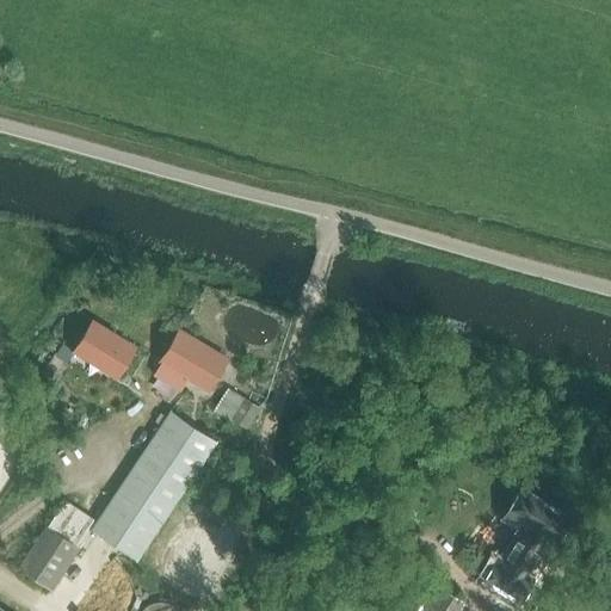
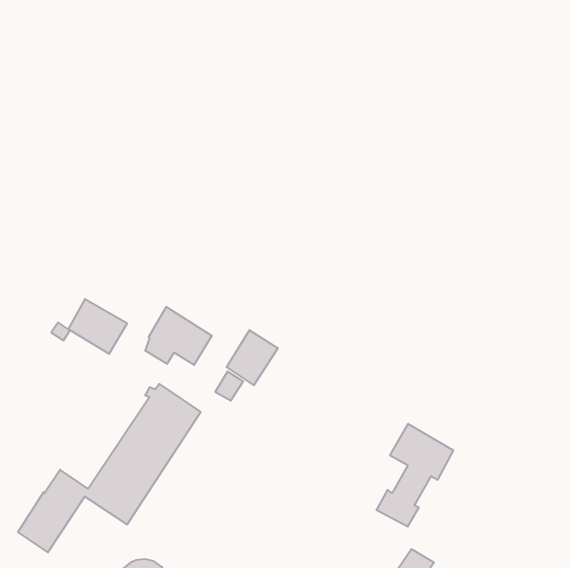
building: none -> [226,330,278,385]
building: [487,487,569,597] -> [376,424,453,527]

